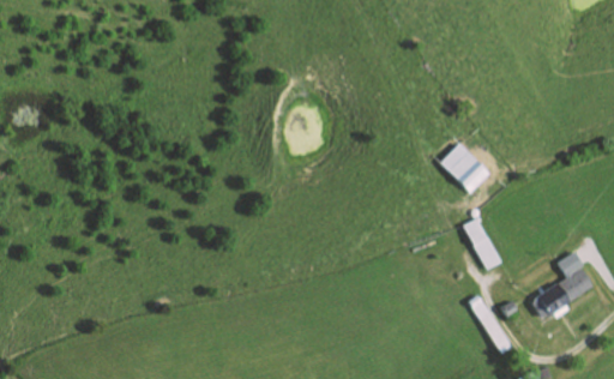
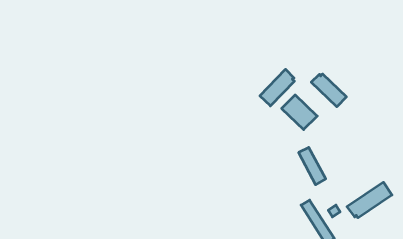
building: none -> [260,69,294,106]
building: none -> [311,74,346,107]

